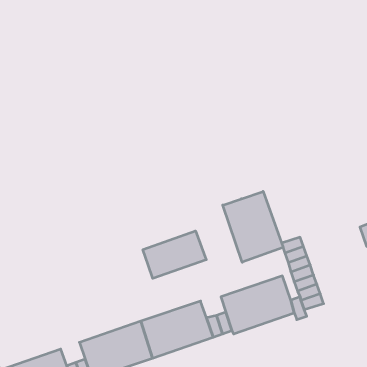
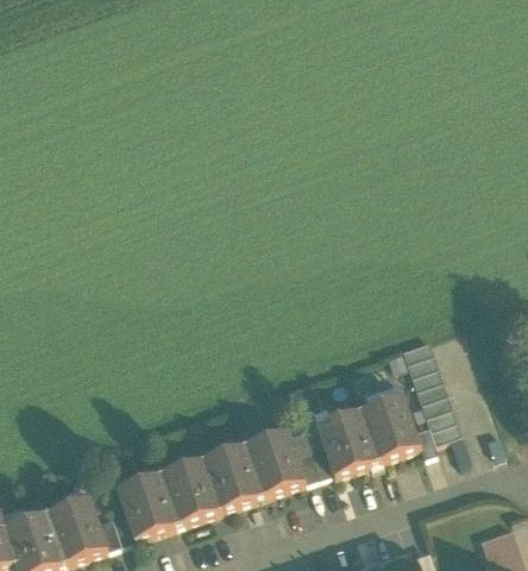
building: [223,191,283,262] -> none
building: [143,231,206,278] -> none

